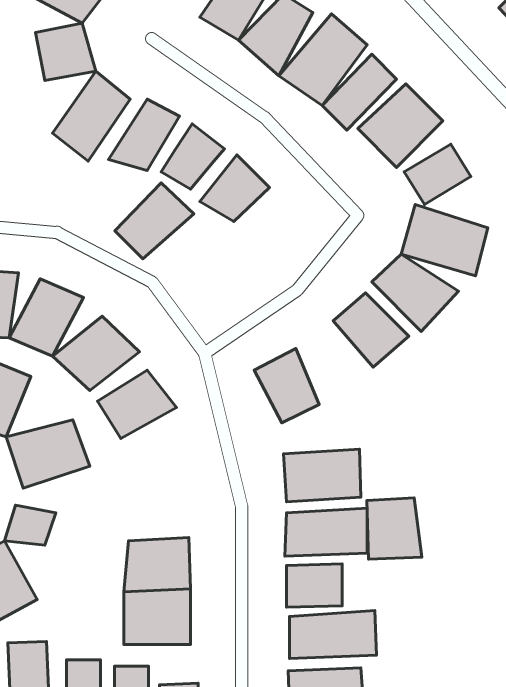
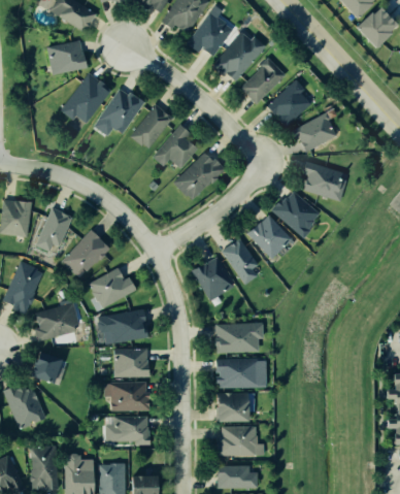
building: [115,183,194,259] -> [178,151,231,201]
building: none -> [221,238,264,286]
building: none -> [98,307,146,345]
building: [367,498,422,559] -> none
building: none -> [109,351,149,378]

